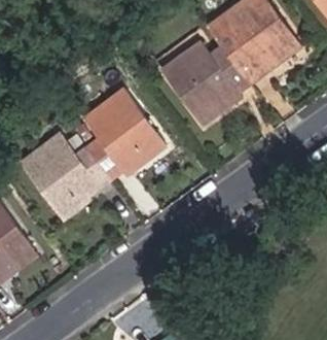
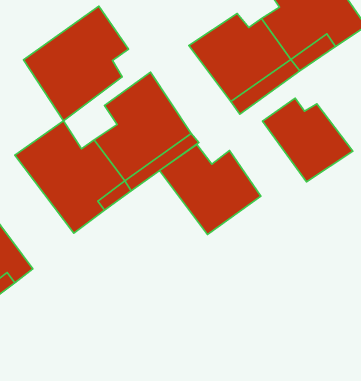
building: none -> [24,6,129,121]
building: none -> [263,98,353,182]
building: none -> [160,144,261,234]

